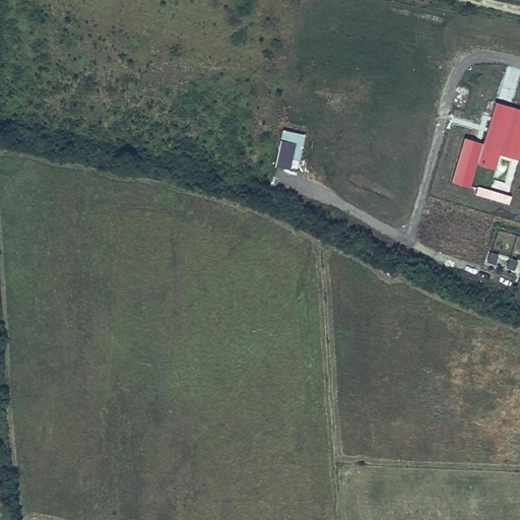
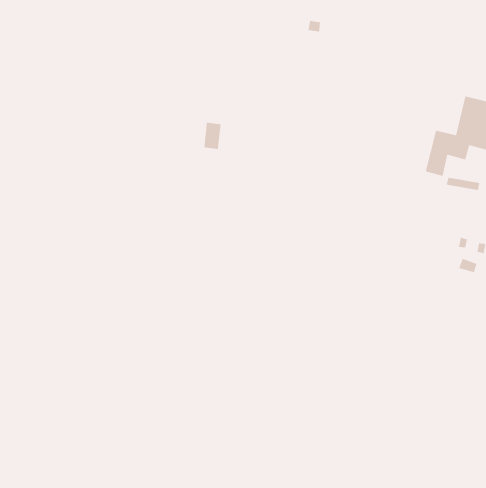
building: [277,139,297,169] -> [203,122,221,150]

